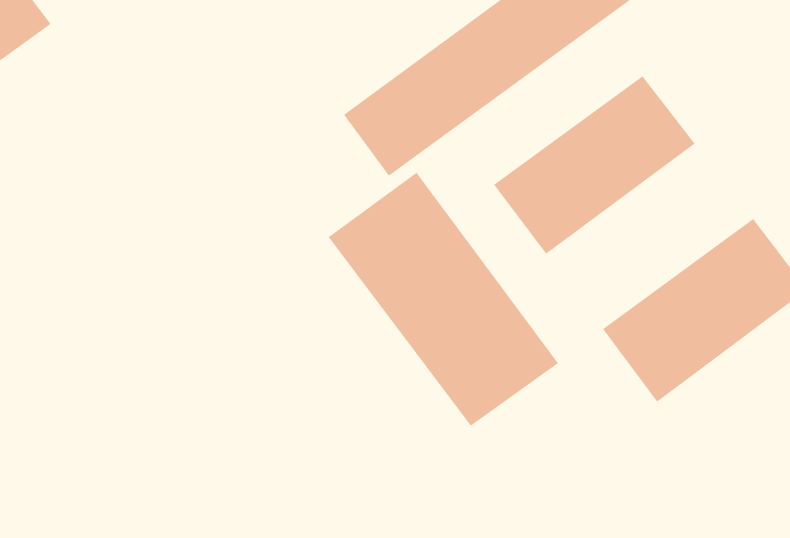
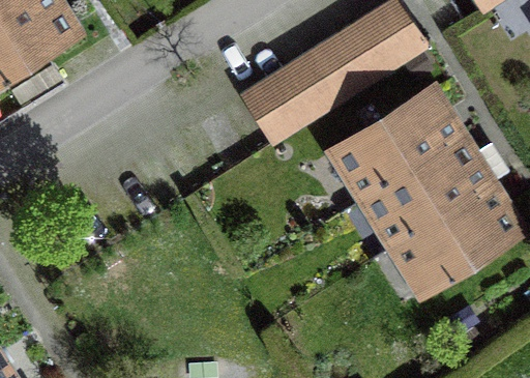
building: none -> [362,135,506,243]
building: [328,172,559,426] -> none

